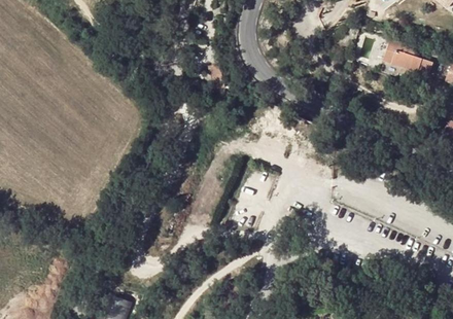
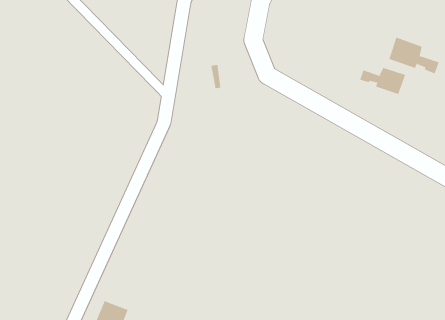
building: none -> [360,67,406,95]

